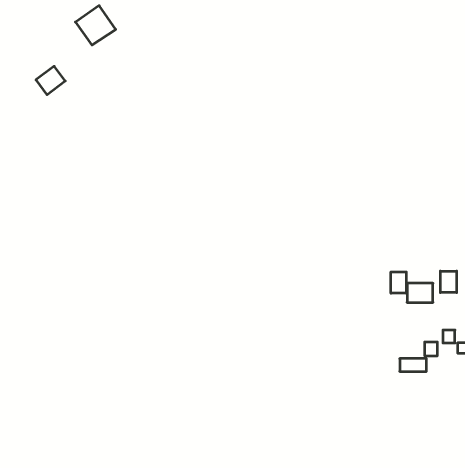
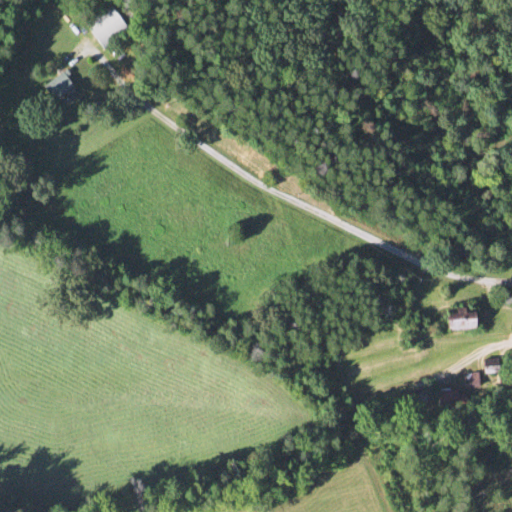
building: [440,271,457,293] -> none
building: [391,272,406,293] -> none

